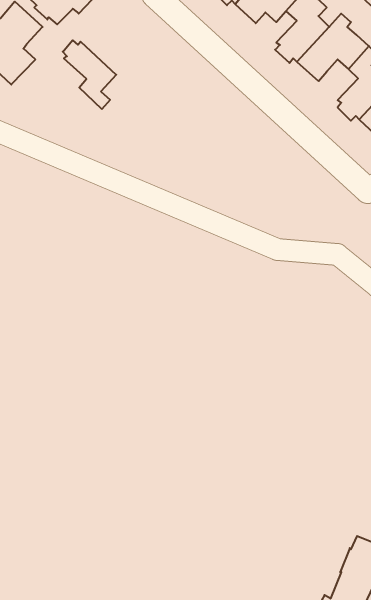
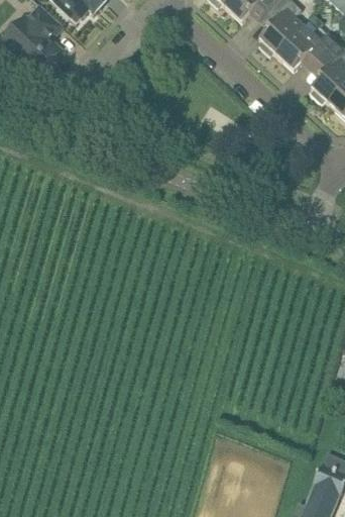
building: [63,40,116,109] -> none

